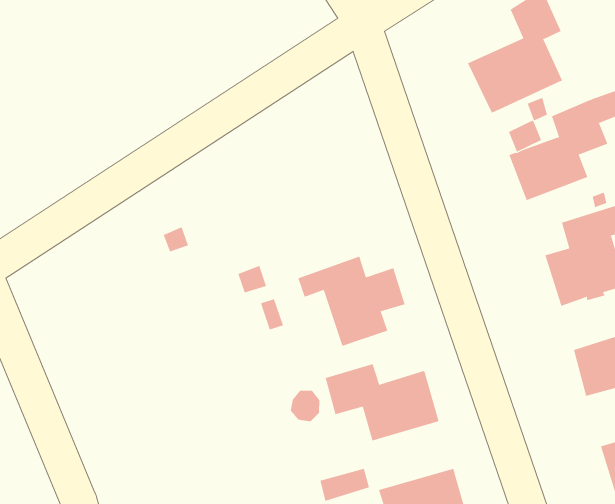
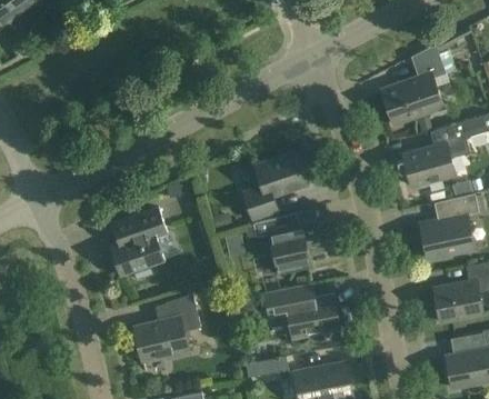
building: none -> [242,151,307,219]
building: none -> [109,208,167,279]
building: none -> [134,293,200,359]

